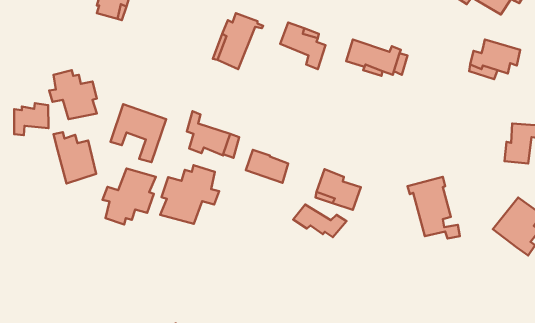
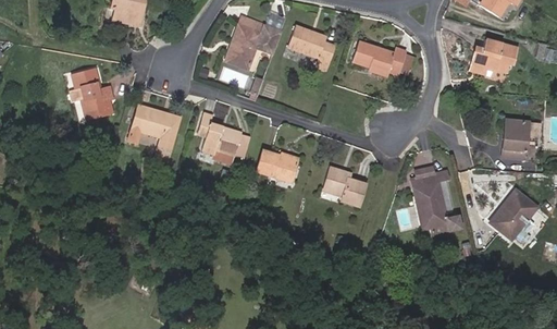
building: [14,103,49,135] -> none
building: [54,132,96,184] -> none
building: [160,165,219,224] -> none
building: [103,169,156,225] -> none
building: [293,204,347,237] -> none

